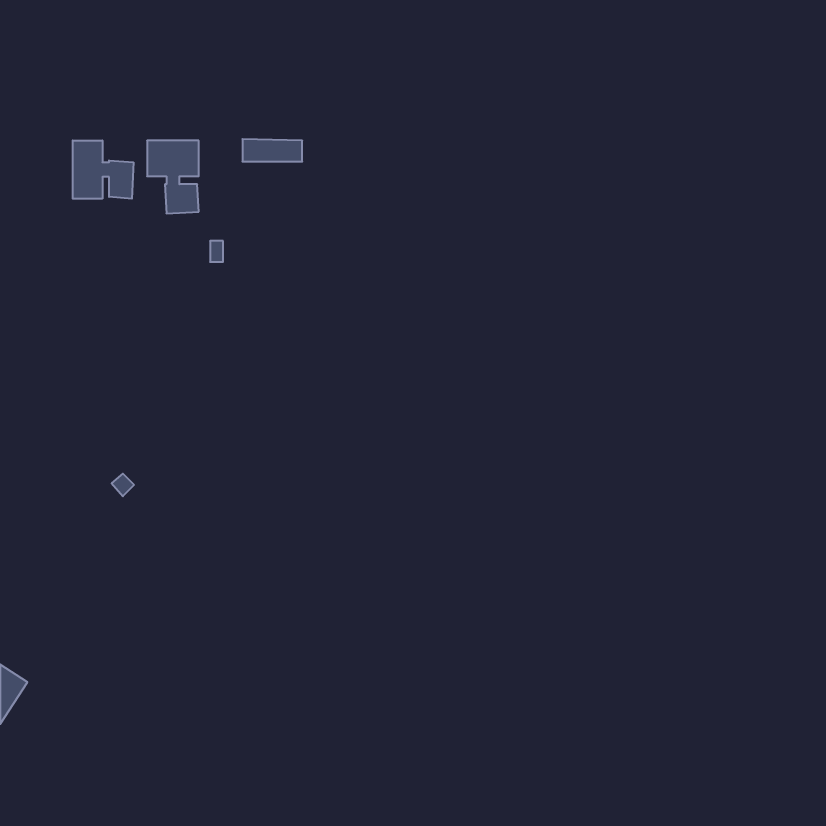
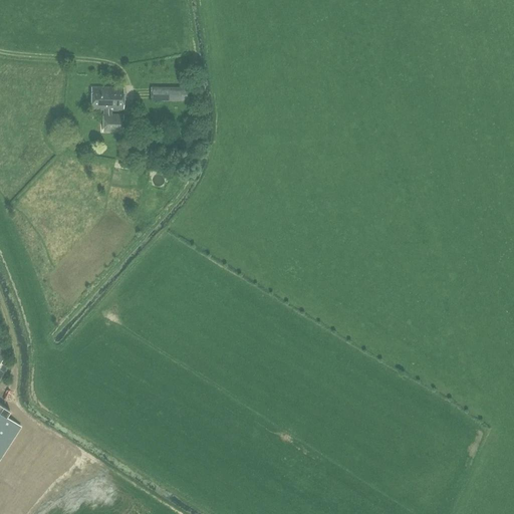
building: [73,140,133,199] -> none

